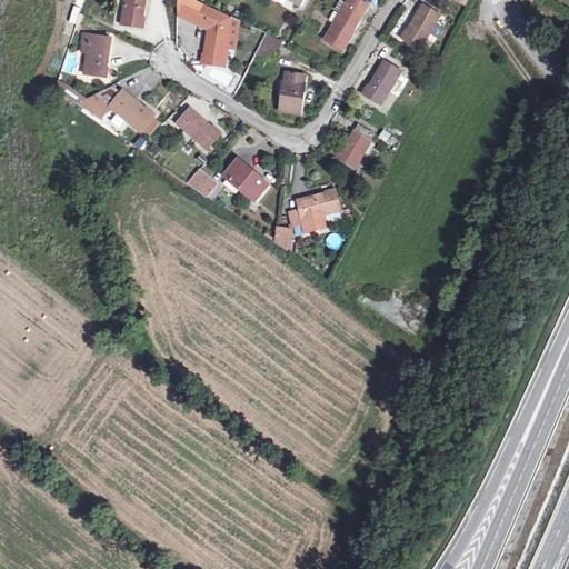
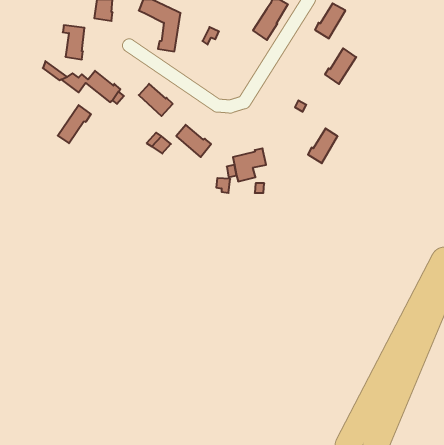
building: [361,59,401,104] -> [325,48,356,84]
building: [280,72,302,113] -> none
building: [336,123,373,168] -> [308,128,338,163]
building: none -> [58,105,91,143]

